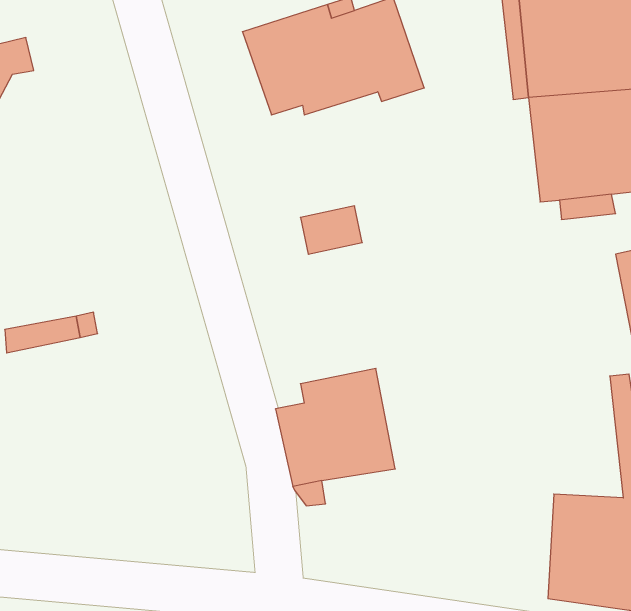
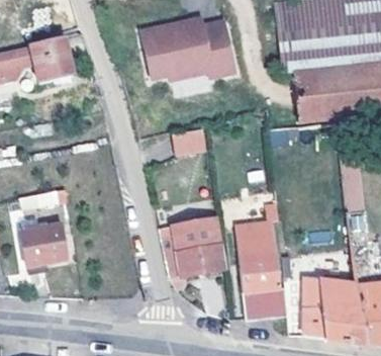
building: none -> [30,36,71,81]
building: none -> [235,220,287,321]
building: none -> [21,221,66,265]

